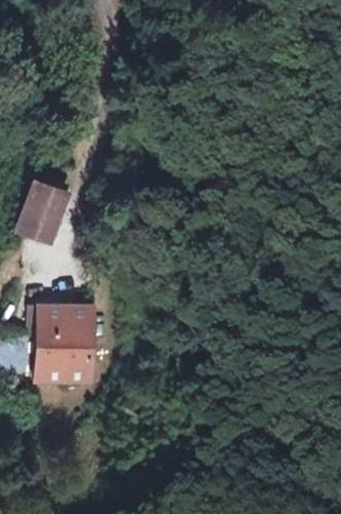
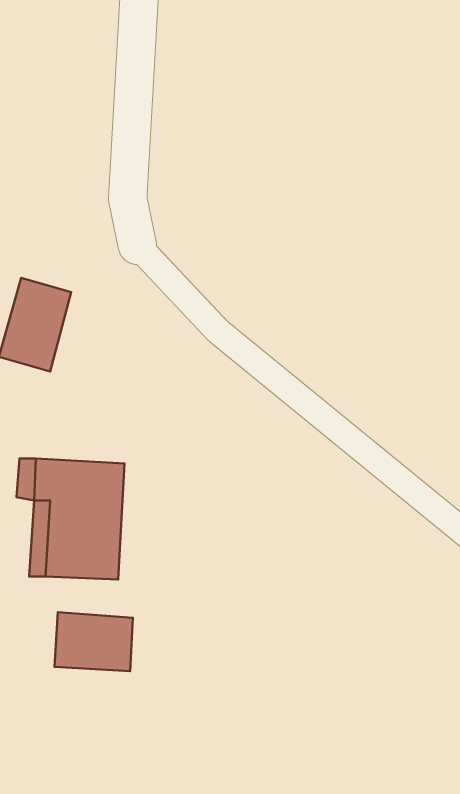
building: none -> [55,612,133,671]

